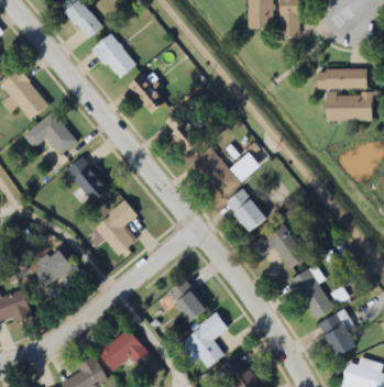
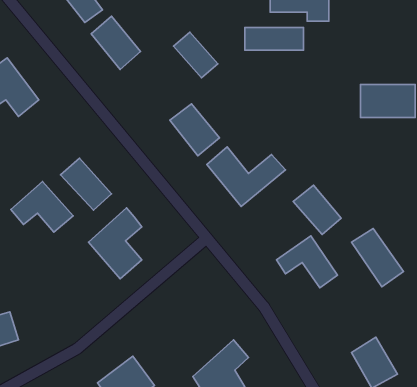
building: [317,69,367,89] -> [245,27,303,50]
building: [128,74,166,113] -> [173,32,218,78]
building: [24,111,78,155] -> [11,181,73,232]
building: [224,189,266,232] -> [293,185,341,235]
building: [36,250,80,287] -> none
building: [289,269,334,320] -> [351,228,404,287]
building: [166,279,206,322] -> none

